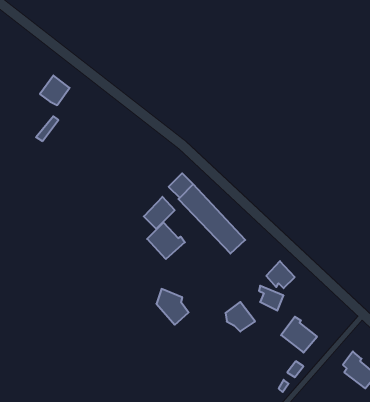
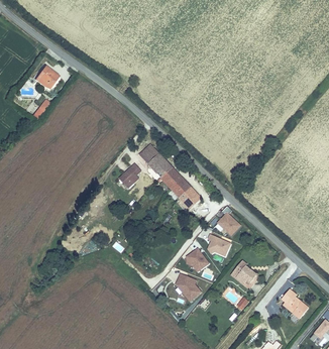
building: [147,222,185,259] -> none
building: [156,289,189,325] -> [176,273,202,303]

